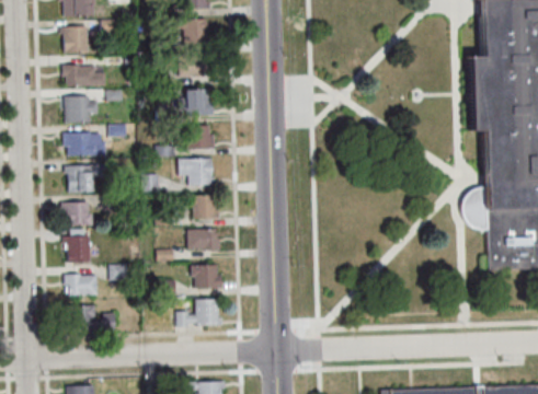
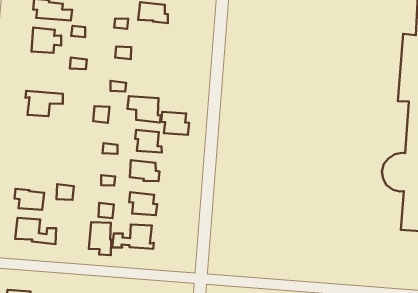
building: [179,89,211,115] -> none
building: [182,125,213,149] -> [161,112,189,135]
building: [62,132,104,155] -> none
building: [61,202,91,225] -> none
building: [62,236,89,262] -> none
building: none -> [89,222,111,255]

